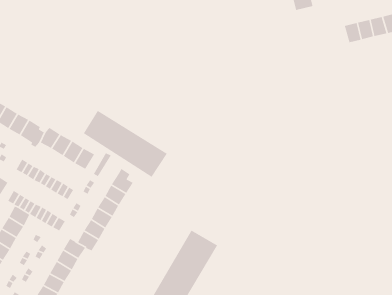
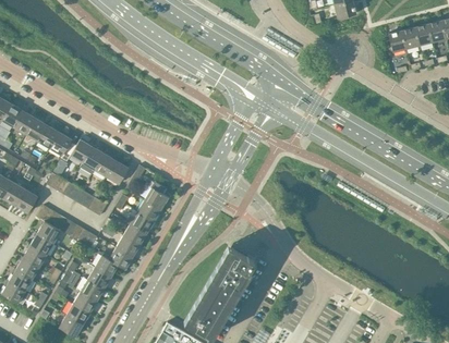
building: [83,110,168,178] -> none

